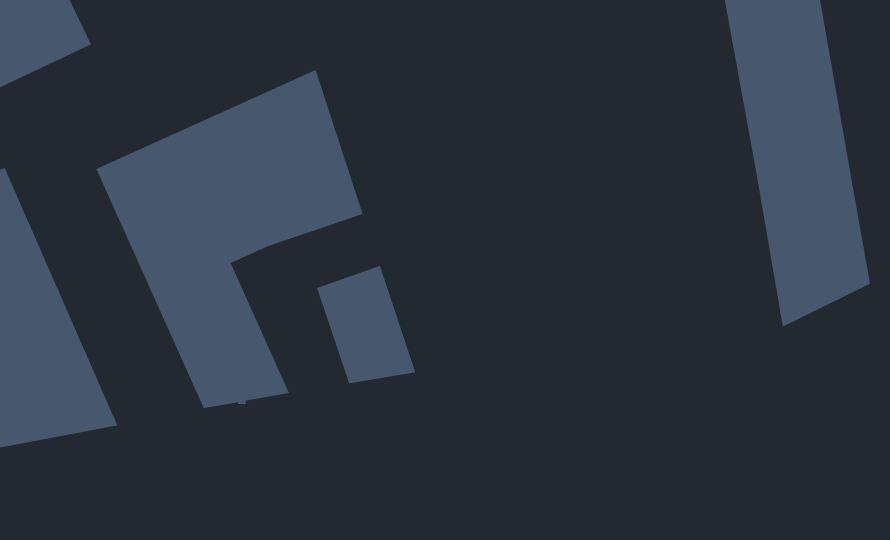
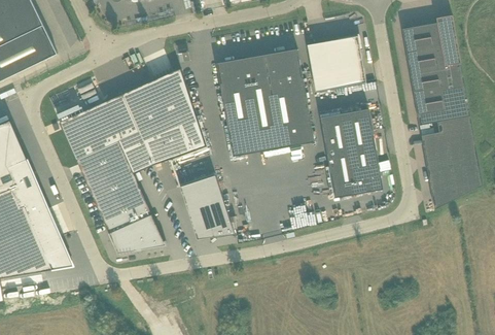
building: none -> [307,35,365,91]
building: none -> [218,48,313,156]
building: none -> [320,108,381,198]

